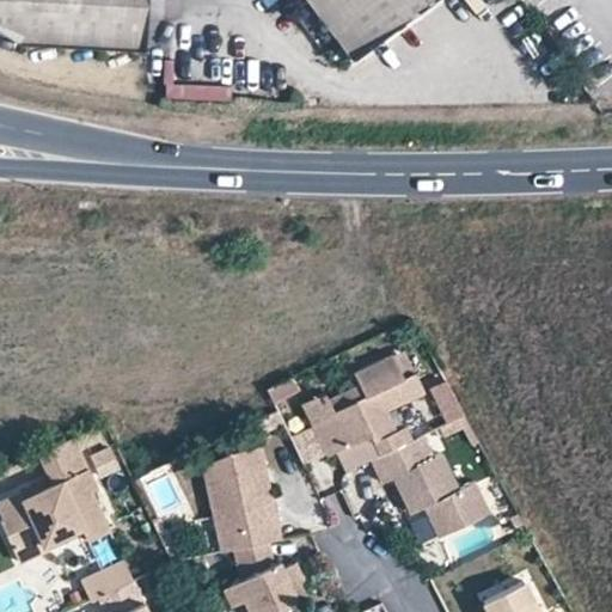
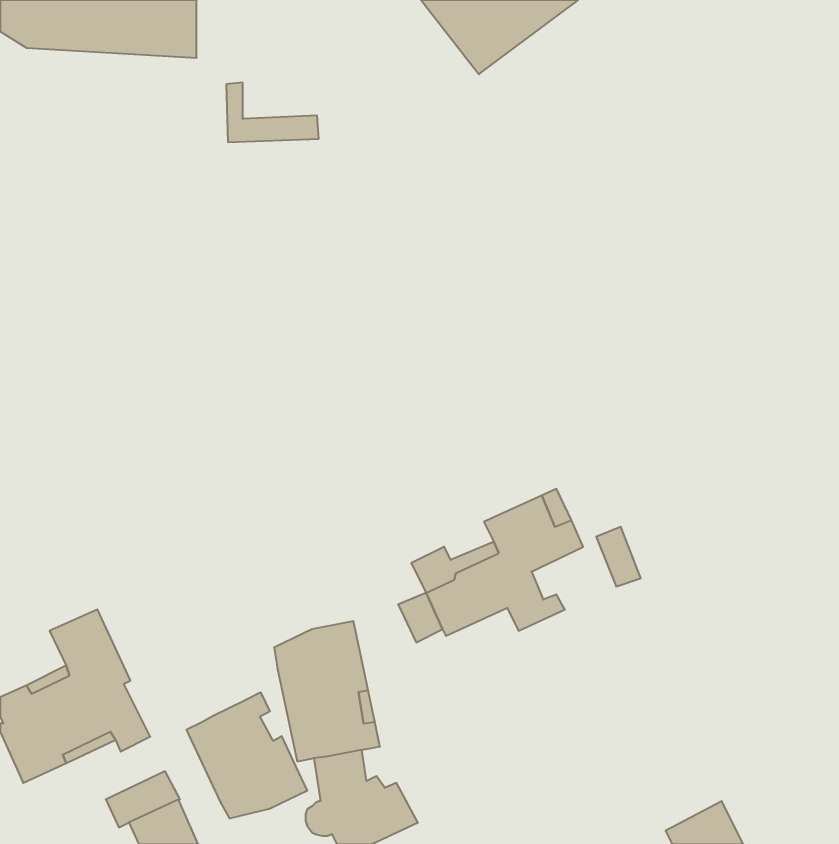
building: [372,436,490,537] -> none
building: none -> [187,692,307,819]

